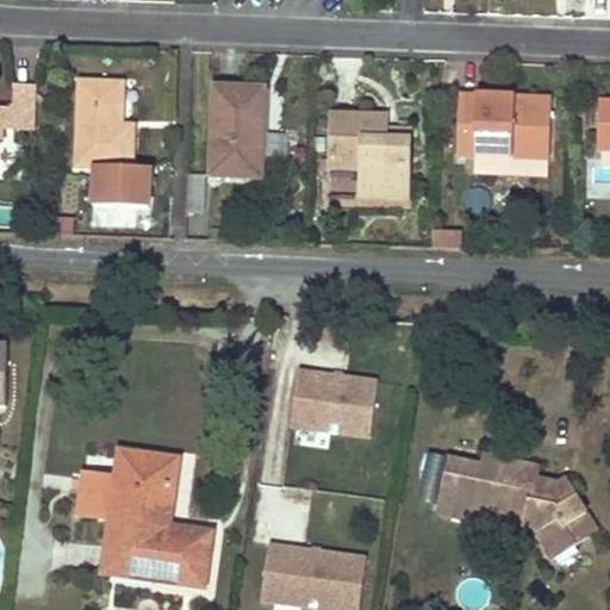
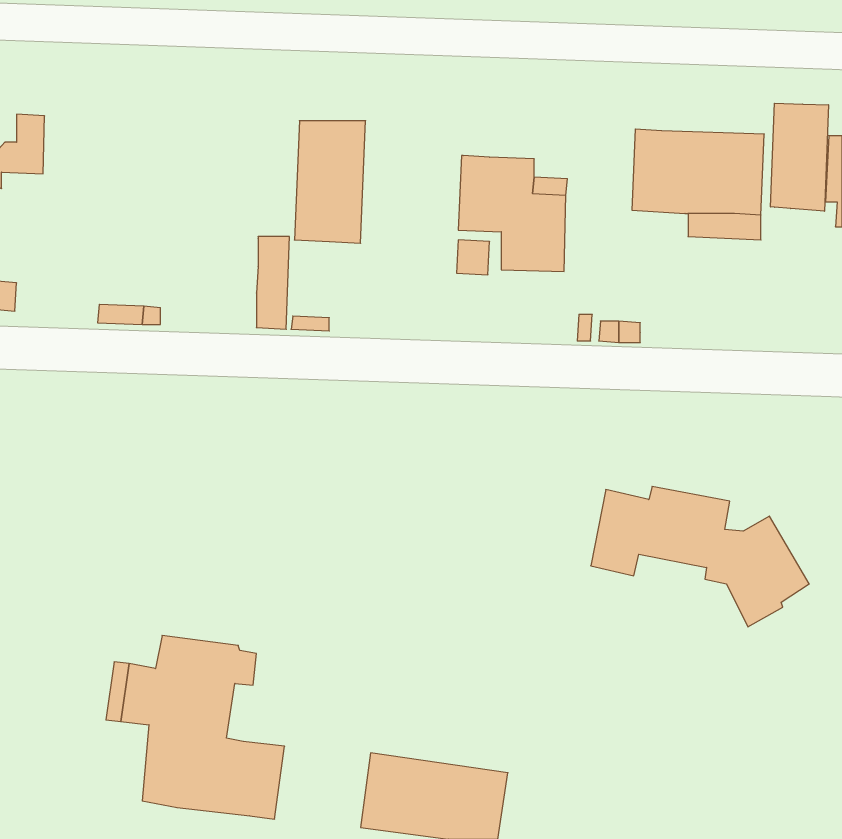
building: none -> [771,103,828,211]
building: [76,80,149,206] -> none
building: [287,366,374,430] -> none
building: [437,453,595,554] -> [591,486,809,627]

